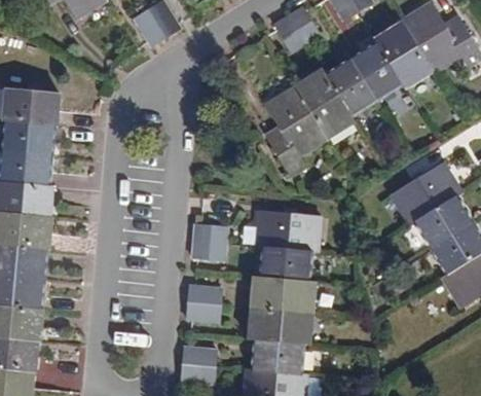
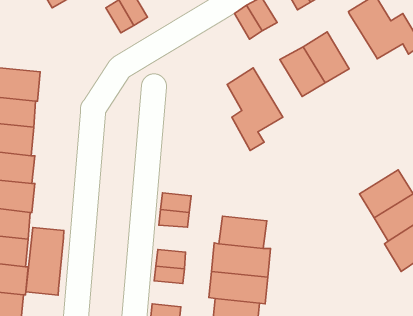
building: [376,22,433,86] -> none
building: [296,67,355,137] -> none
building: [392,163,464,225] -> none
building: [255,210,321,252] -> none
building: none -> [26,227,64,295]

